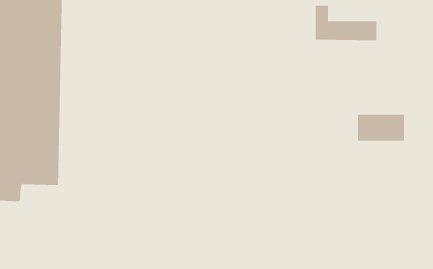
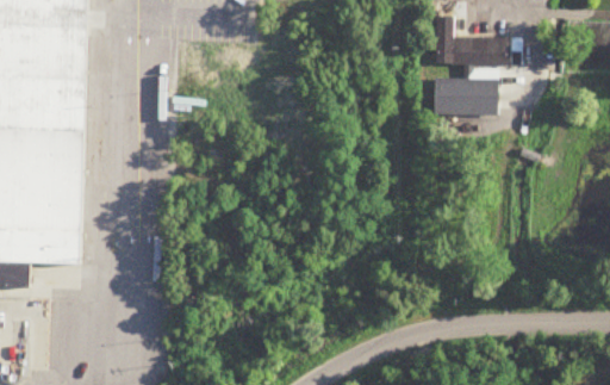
building: [357,114,405,141] -> [432,80,498,117]

